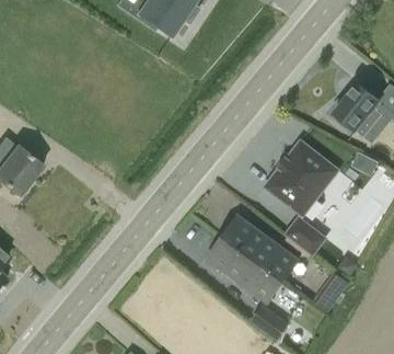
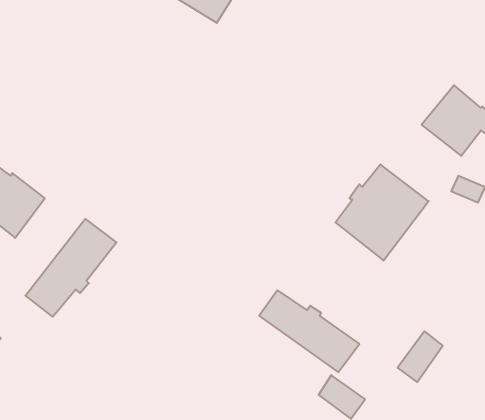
building: none -> [25,219,116,317]
building: [221,215,300,281] -> none
building: [285,219,323,255] -> none

